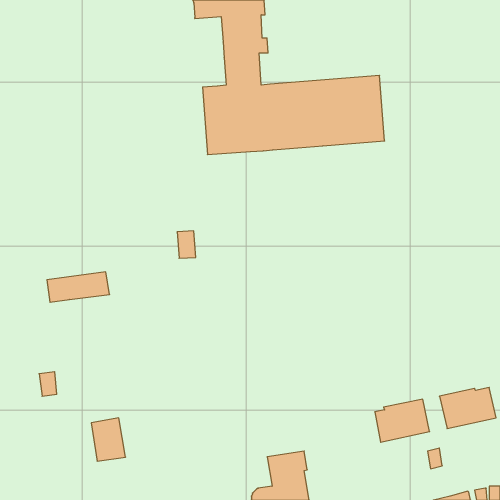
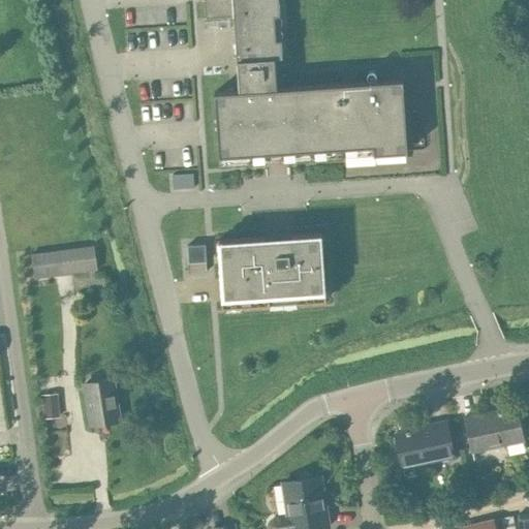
building: none -> [218,234,325,306]
building: [47,272,110,302] -> [32,247,98,279]
building: [91,418,126,461] -> [84,378,120,424]

